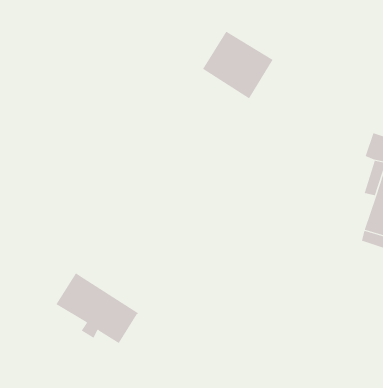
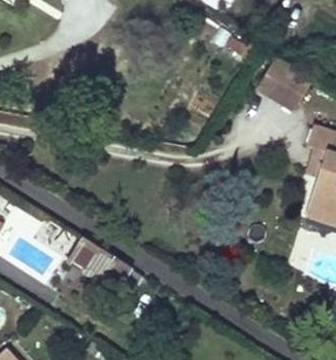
building: [202,31,273,99] -> [255,57,310,110]

